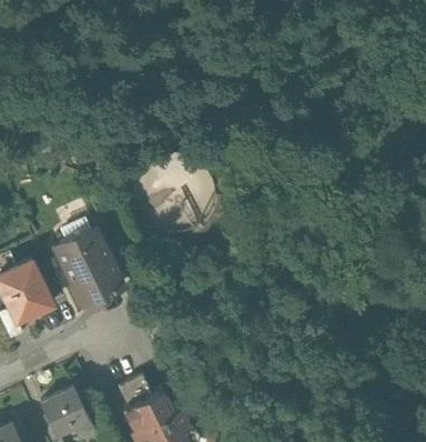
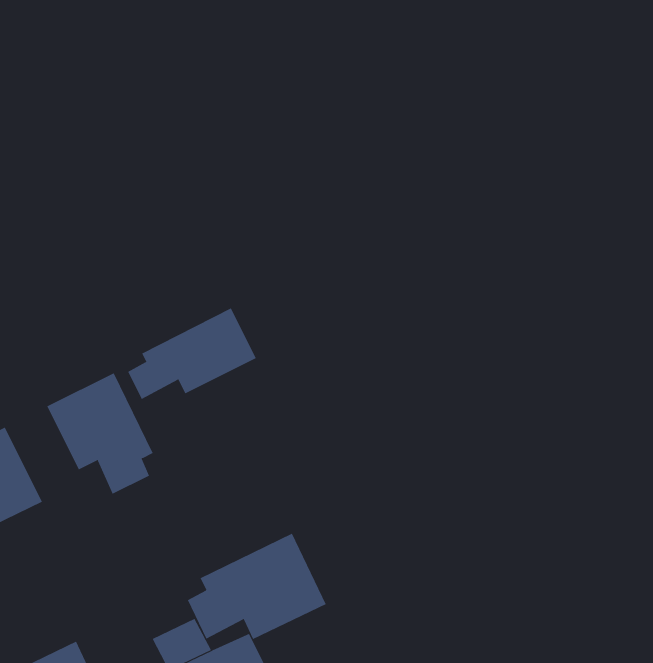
building: none -> [127,308,257,400]
building: none -> [187,533,326,640]

